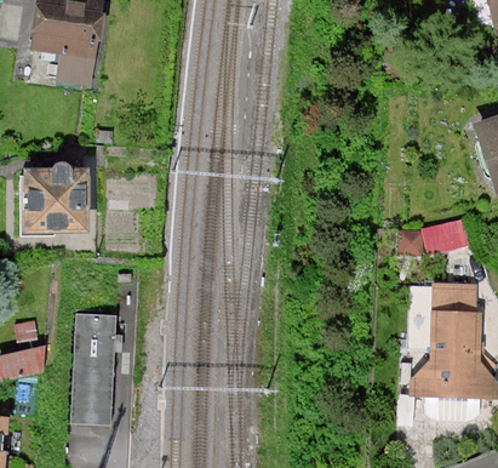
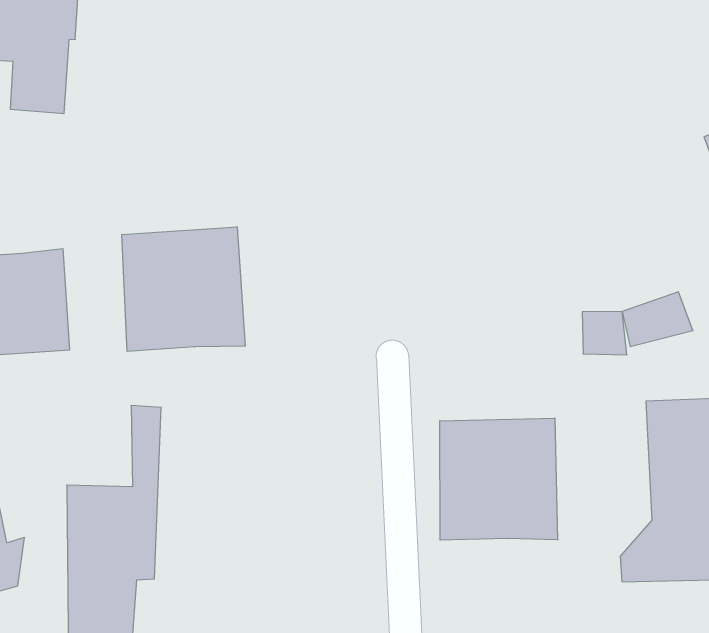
building: none -> [122,227,245,351]
building: none -> [440,418,558,540]

